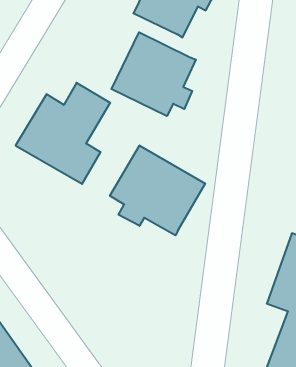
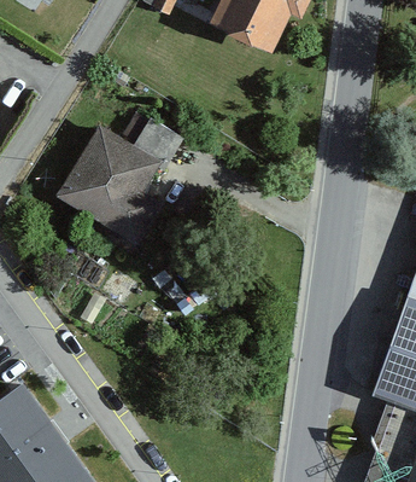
building: [111,32,196,116] -> none
building: [110,145,205,235] -> none

